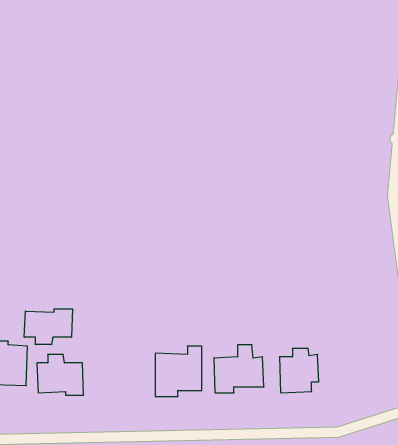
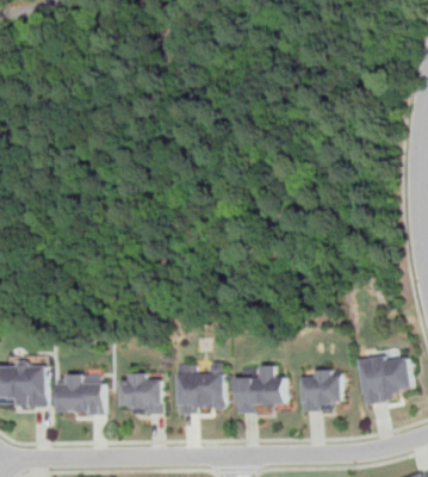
building: [24,309,73,345] -> none
building: none -> [356,354,414,405]
building: none -> [124,372,163,413]

